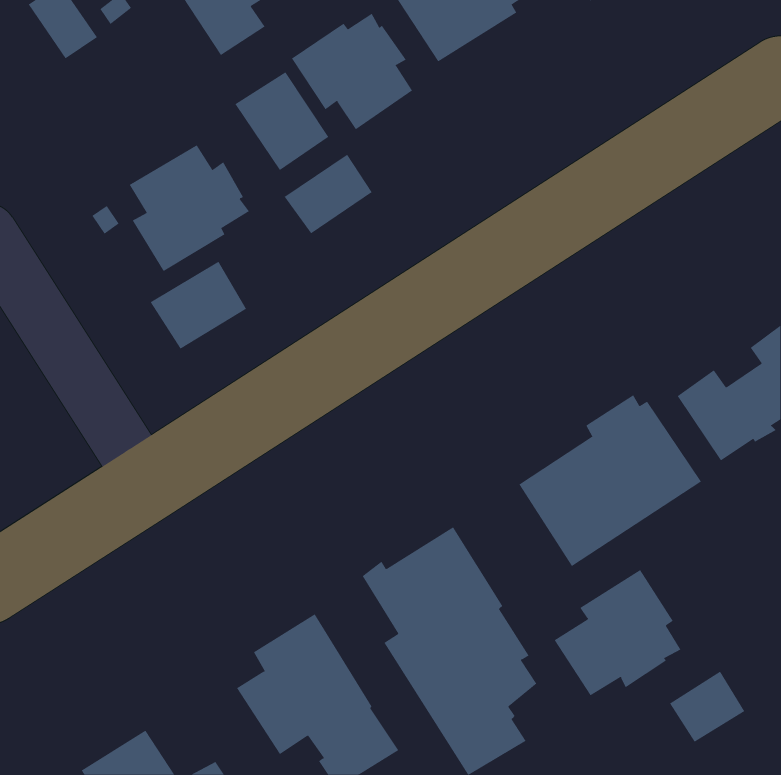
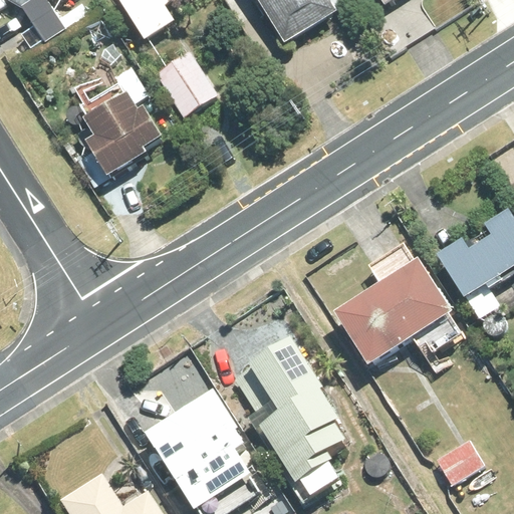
building: [291,13,413,130] -> none
building: [284,154,373,234] -> none
building: [150,261,247,350] -> none
building: [554,569,681,696] -> none

